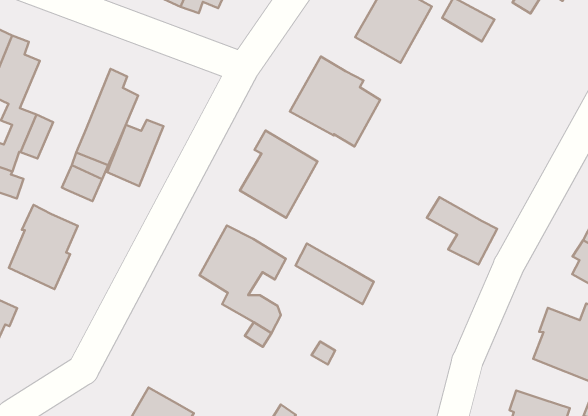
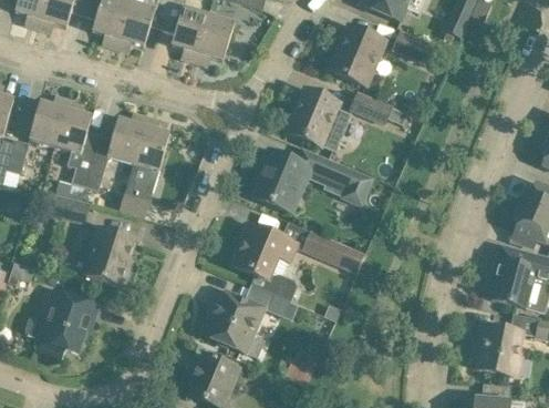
building: none -> [351,92,407,125]
building: [107,120,164,186] -> [107,112,146,163]
building: [427,197,497,265] -> [320,160,374,207]
building: none -> [203,292,265,350]

